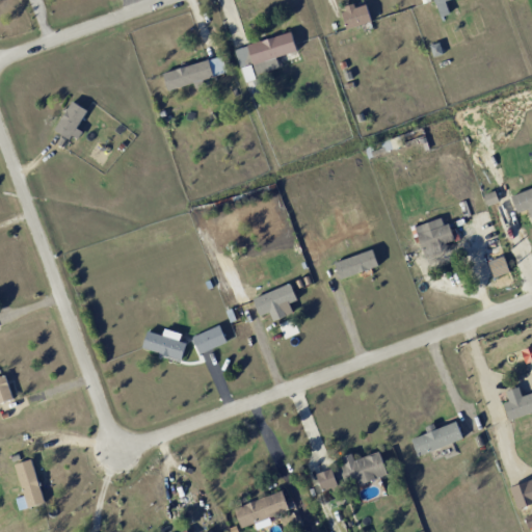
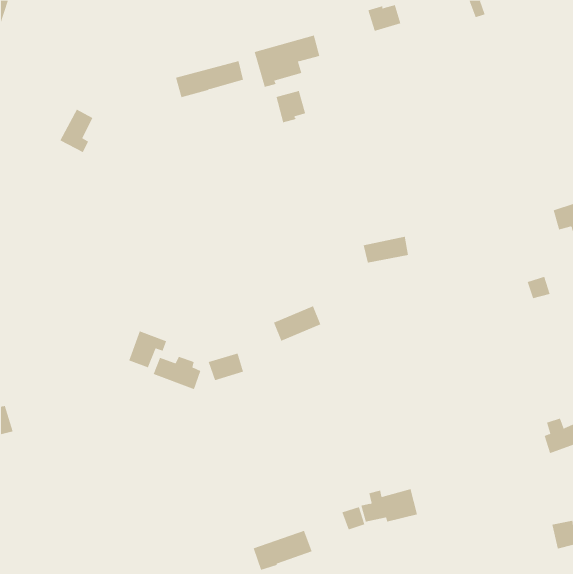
building: none -> [276,90,306,123]
building: [415,217,455,251] -> none
building: [336,251,378,276] -> [363,236,409,263]
building: none -> [128,330,167,368]
building: [411,422,463,456] -> none
building: [16,459,45,507] -> none

